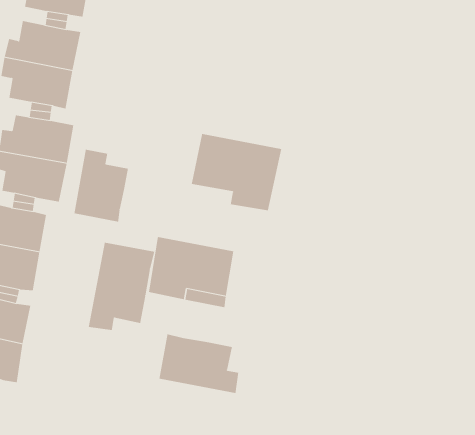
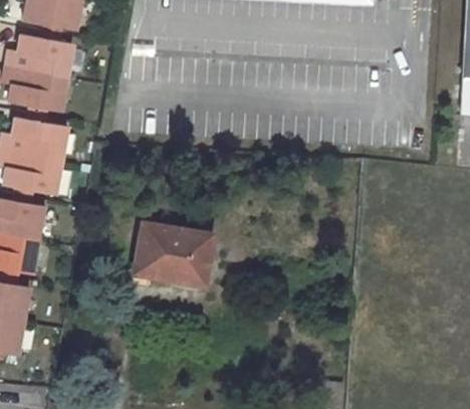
building: [191,133,282,211] -> none
building: [74,149,128,223] -> none
building: [88,242,155,331] -> none
building: [159,334,239,394] -> none

